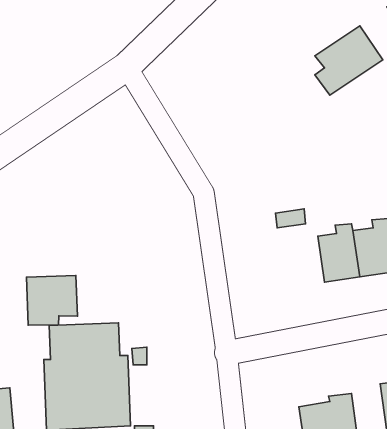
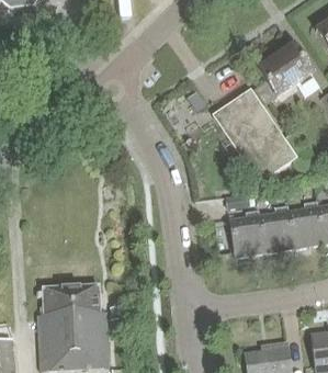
building: none -> [213,83,296,181]
building: none -> [230,208,265,256]
building: [26,276,77,325] -> none

